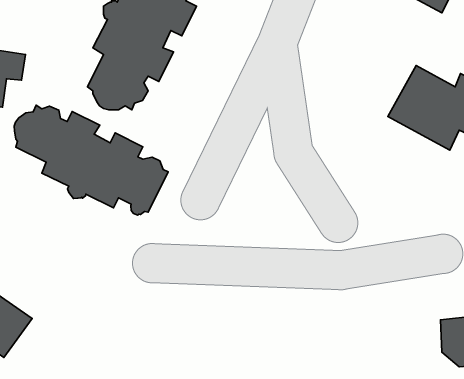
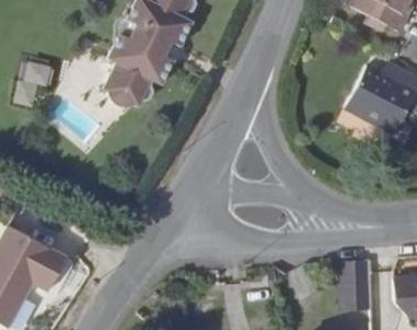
building: [14,105,168,215] -> none
building: none -> [340,256,372,306]

